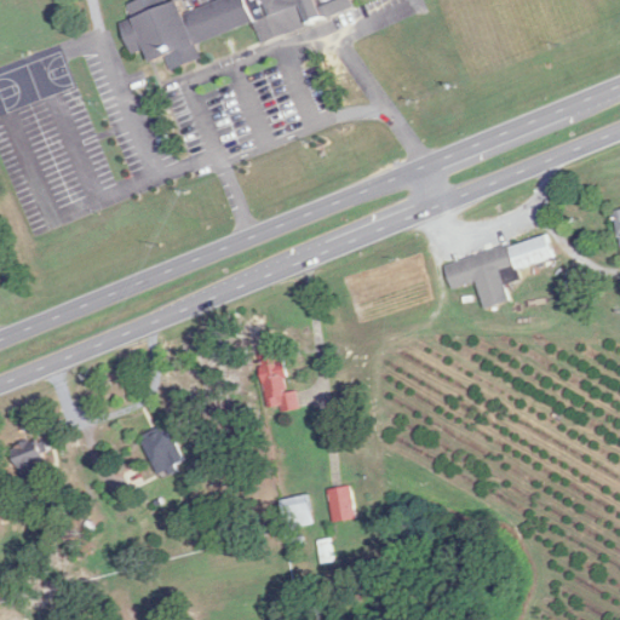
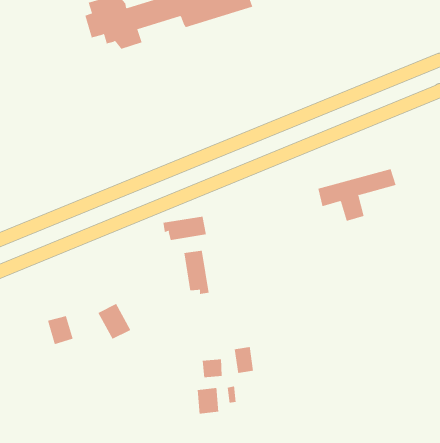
building: none -> [163,216,206,241]
building: [10,437,46,478] -> [47,315,73,345]
building: none -> [197,387,219,414]

